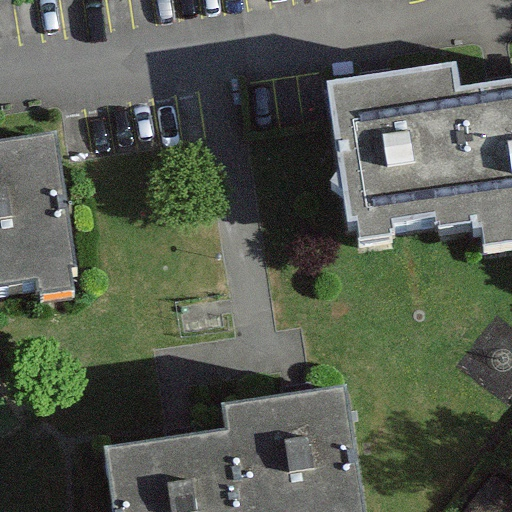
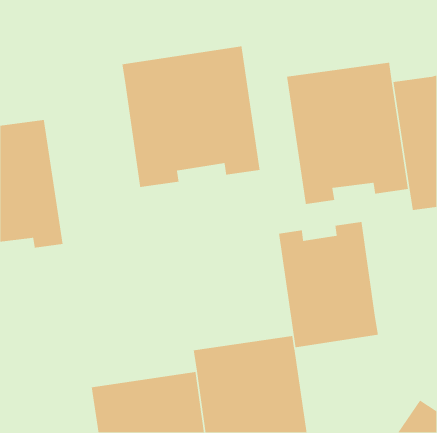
building: none -> [121,45,260,188]
building: none -> [278,221,379,348]

